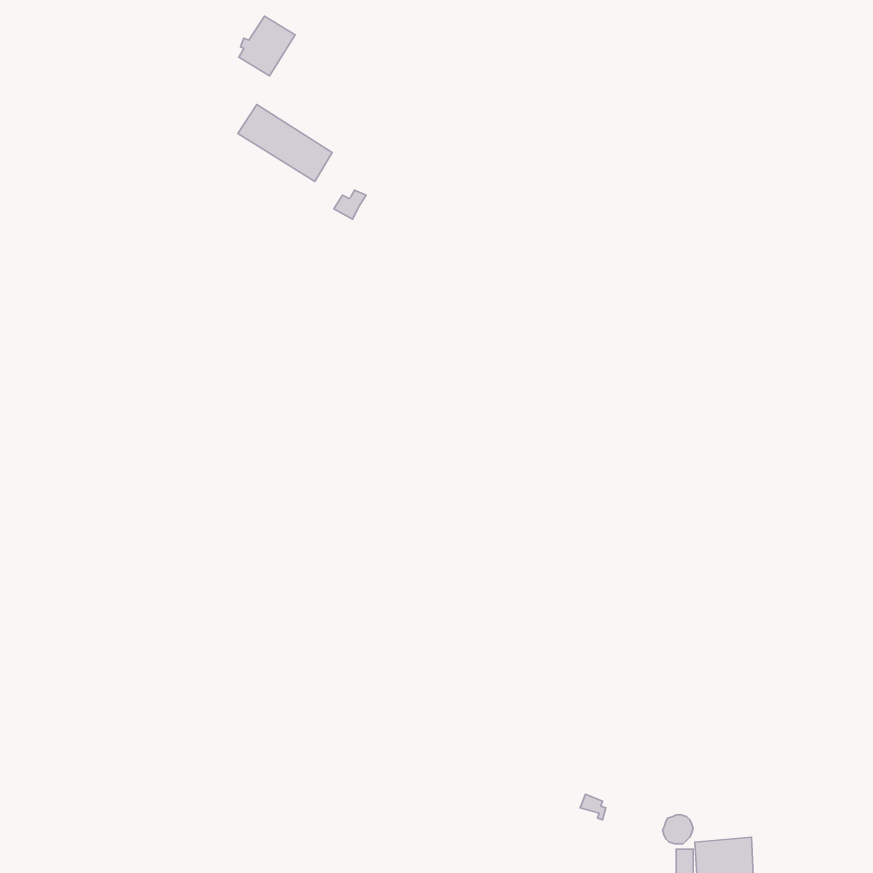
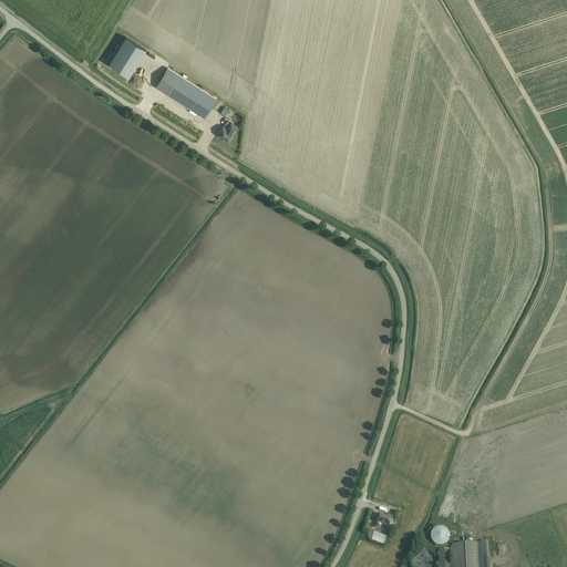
building: [239,16,295,76] -> [109,38,145,76]

